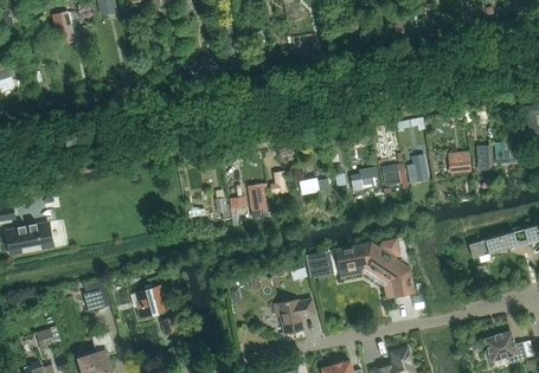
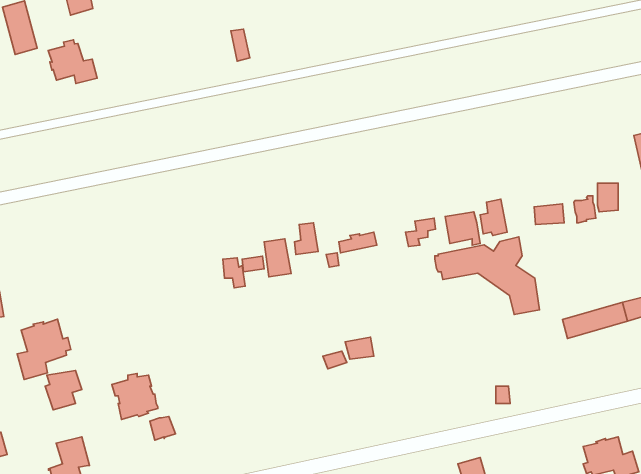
building: none -> [48,40,97,84]
building: [333,238,411,296] -> [435,237,540,315]
building: none -> [17,319,71,379]
building: [274,300,314,333] -> none

